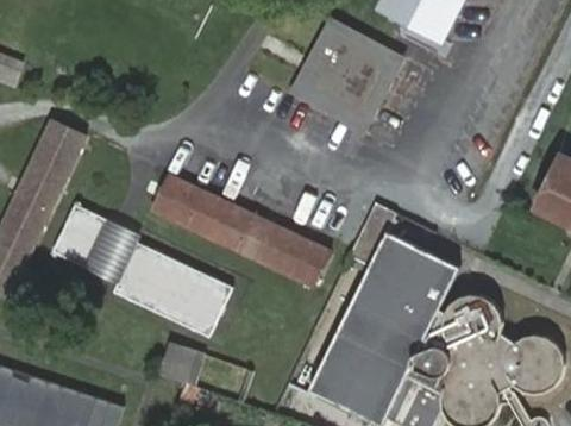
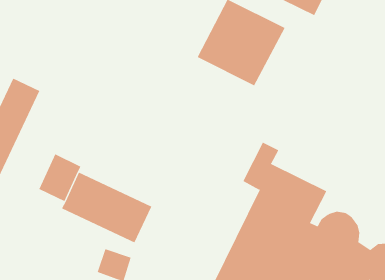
building: [151,175,330,287] -> none
building: [51,205,103,265] -> none

